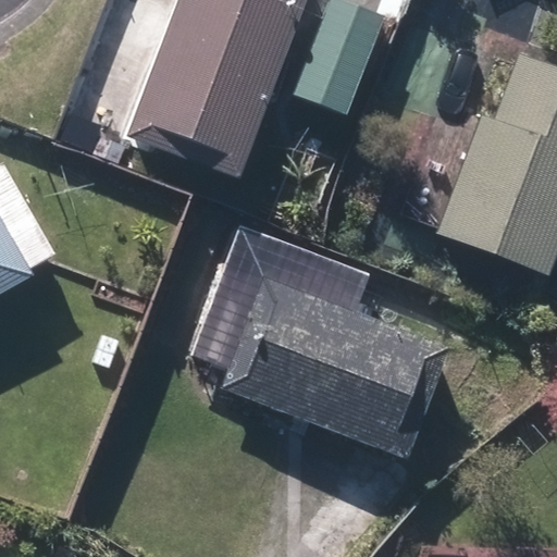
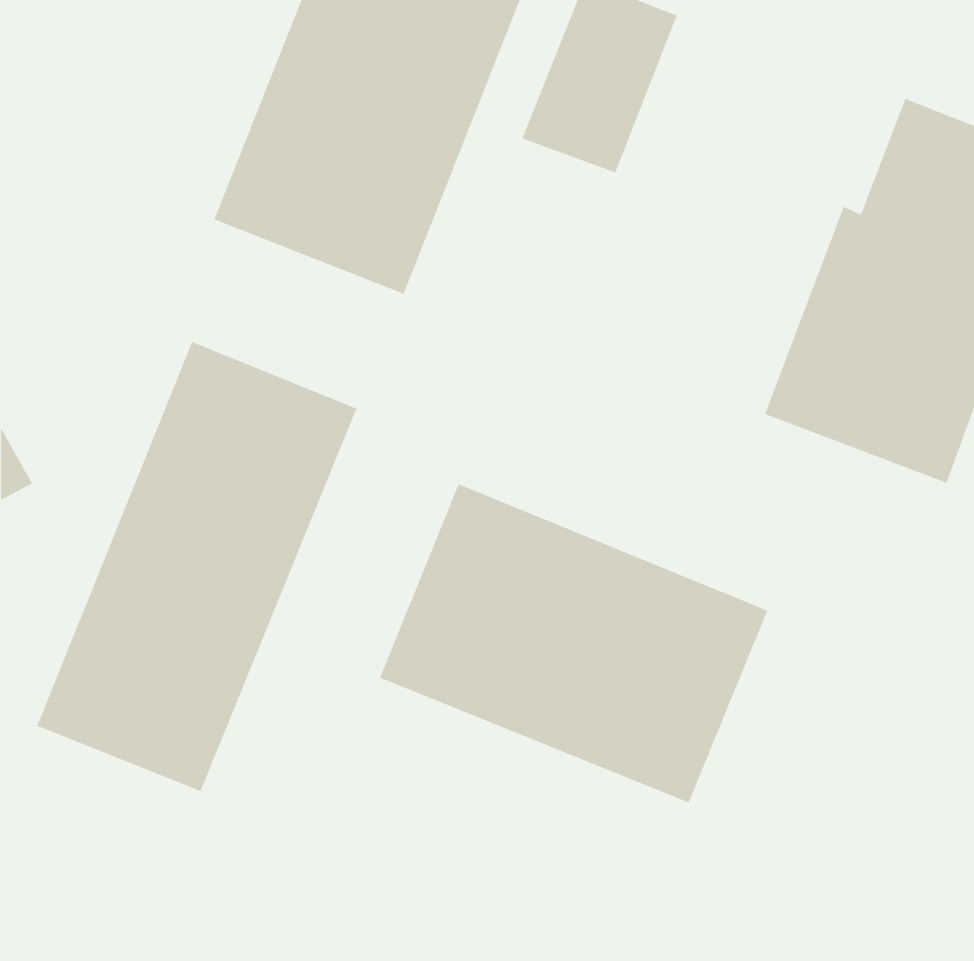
building: none -> [37,341,357,792]

